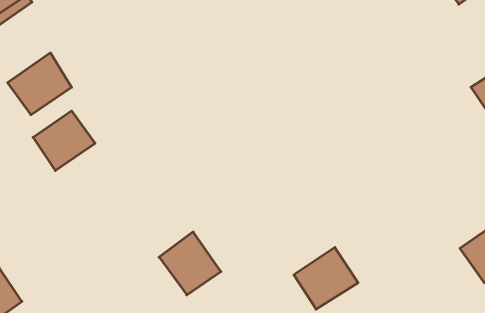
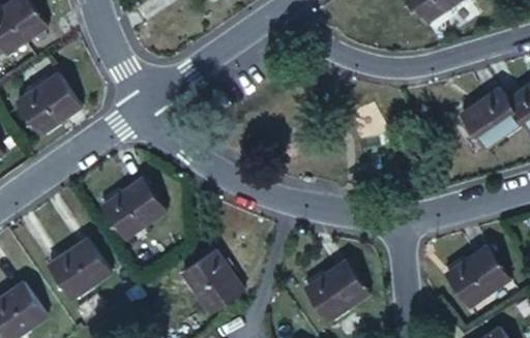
building: [33,111,95,171] -> [105,178,163,234]
building: none -> [52,237,108,291]

